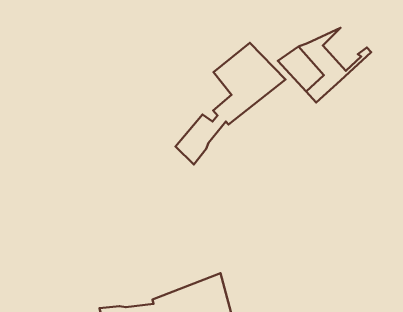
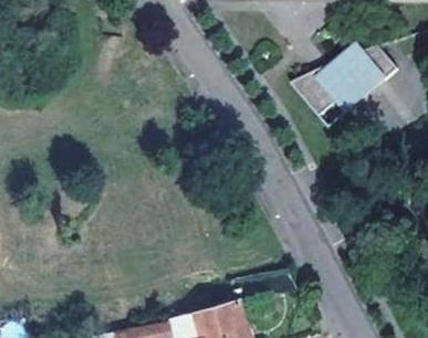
building: none -> [338,40,398,93]
building: [175,43,285,164] -> none

